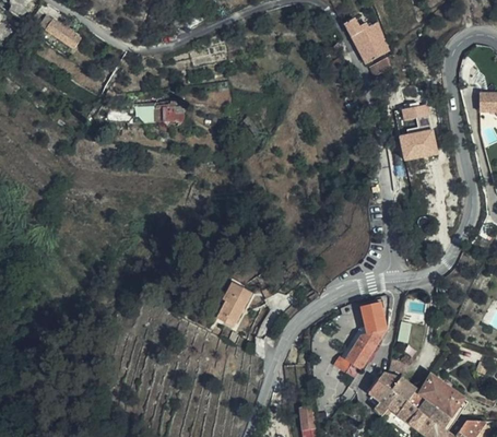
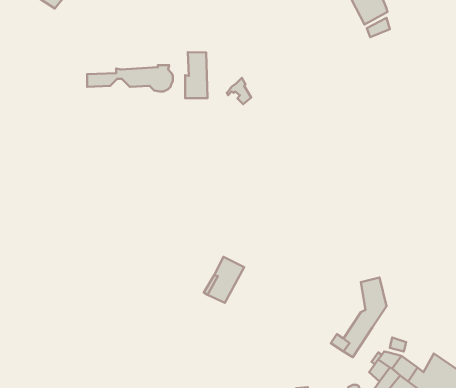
building: none -> [185,52,208,98]
building: [399,103,438,160] -> none

